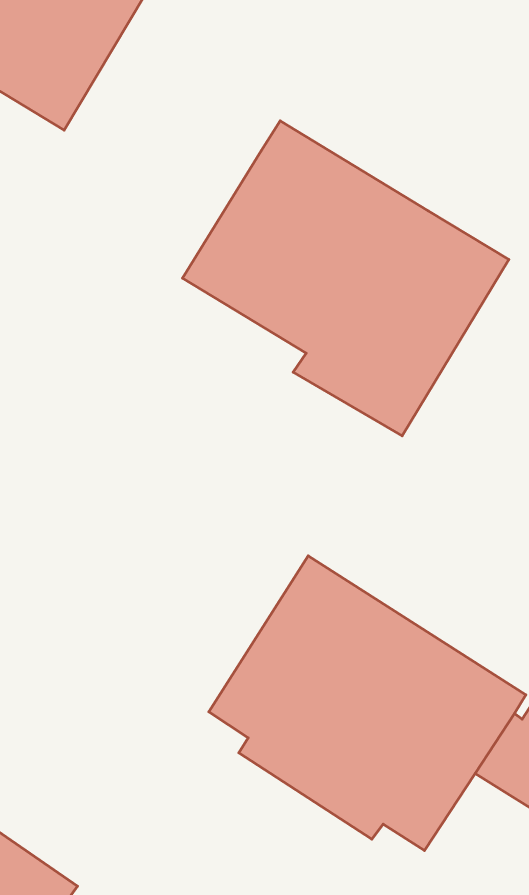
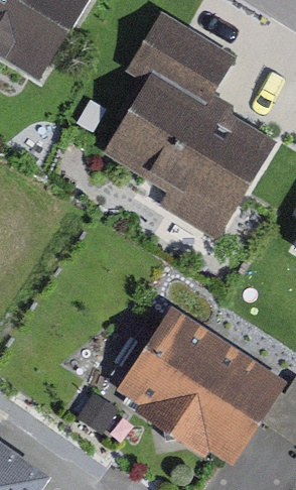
building: none -> [124,12,237,118]

